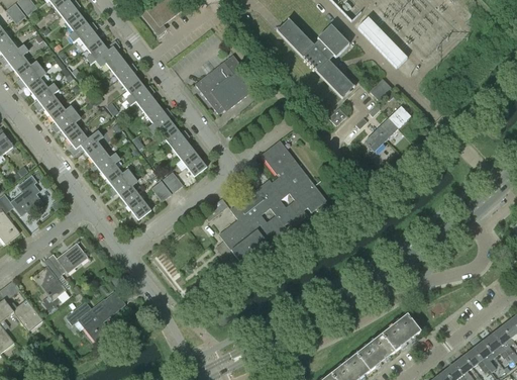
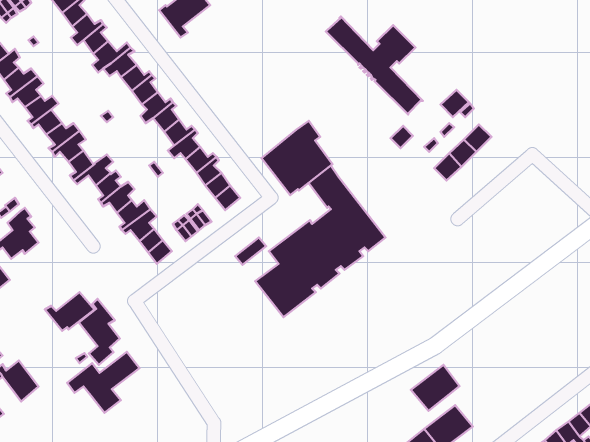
building: [357,17,407,68] -> none
building: [195,54,252,114] -> [262,121,333,195]
building: [32,257,66,310] -> [79,299,120,365]
building: [381,314,420,352] -> [411,365,460,411]

